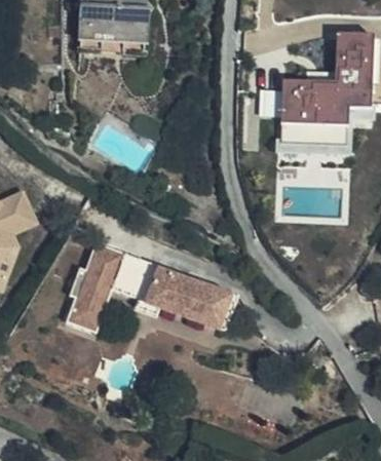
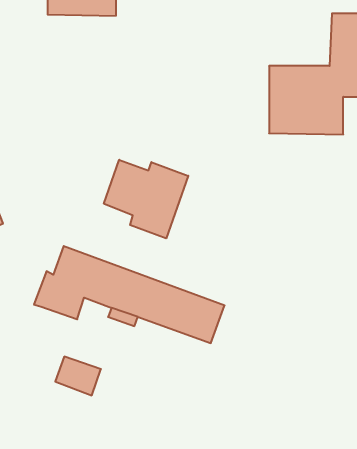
building: none -> [104,160,188,238]
building: [65,299,106,334] -> [55,357,101,395]

